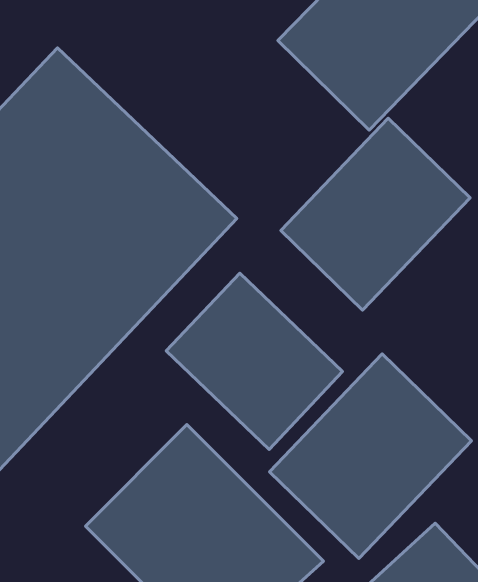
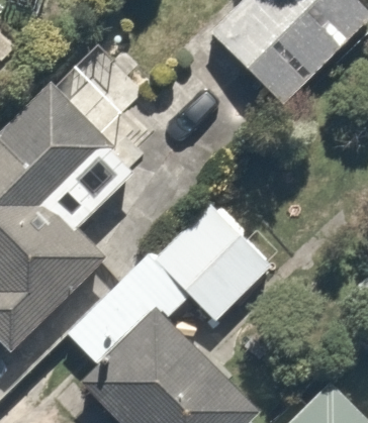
building: [281,118,470,310] -> none
building: [270,354,472,559] -> none

